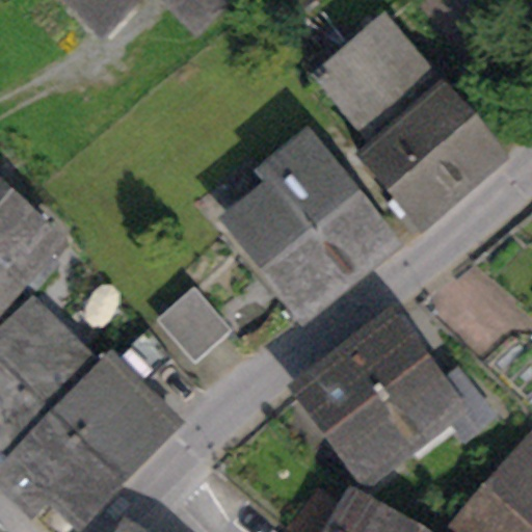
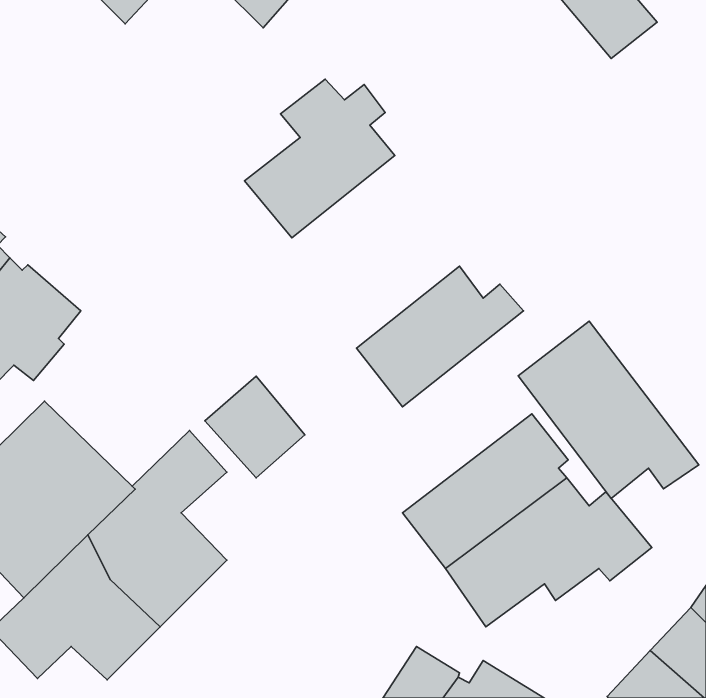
building: [315,16,497,222] -> none
building: [231,141,343,260] -> [244,79,395,238]
building: none -> [518,321,699,499]

